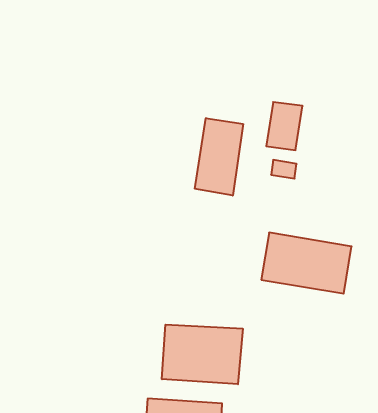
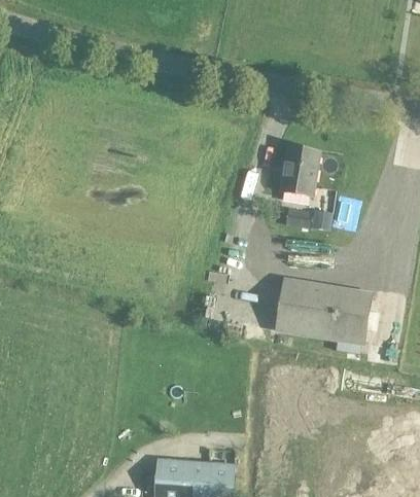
building: [195,118,243,196] -> none
building: [162,325,243,384] -> none

